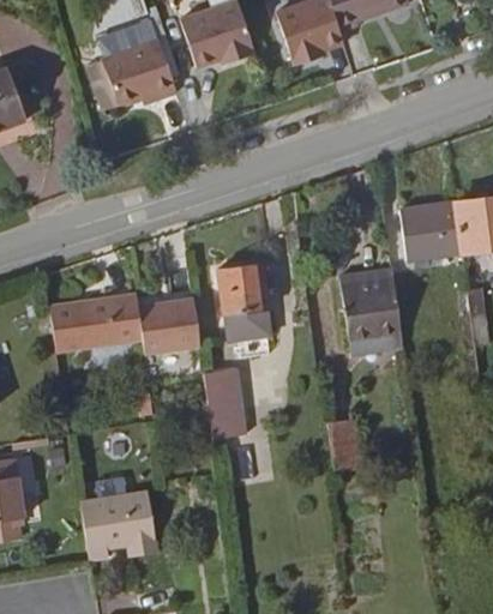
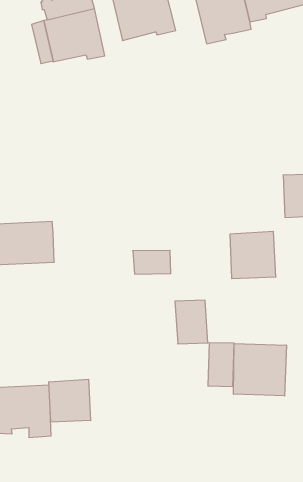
building: [223,263,275,319] -> none
building: [133,297,203,354] -> none
building: [206,375,251,431] -> [175,300,208,344]
building: none -> [234,344,286,396]
building: none -> [49,379,90,422]

